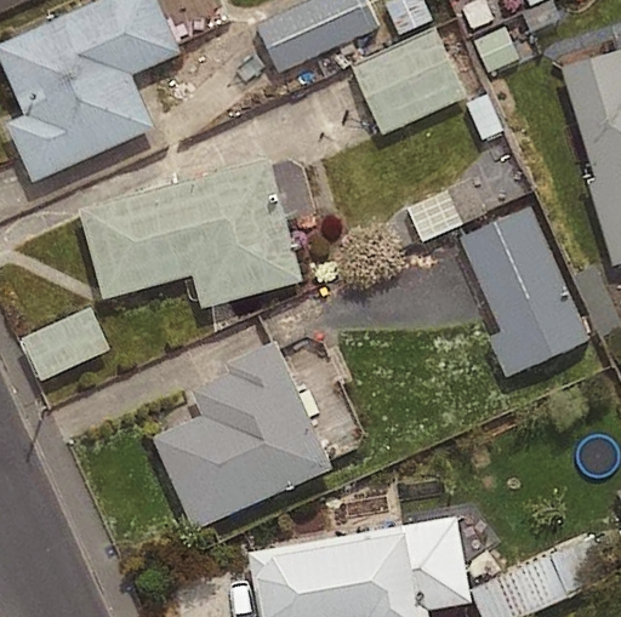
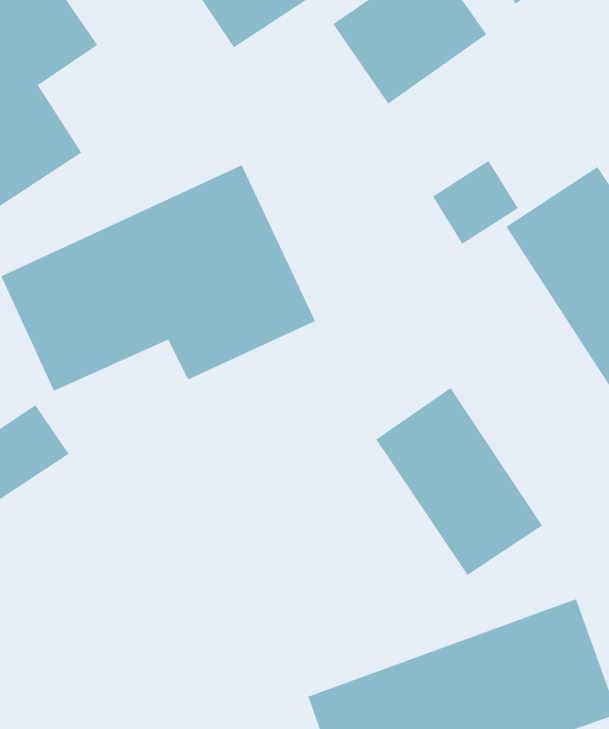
building: [153,341,334,531] -> none
building: none -> [375,387,543,576]

